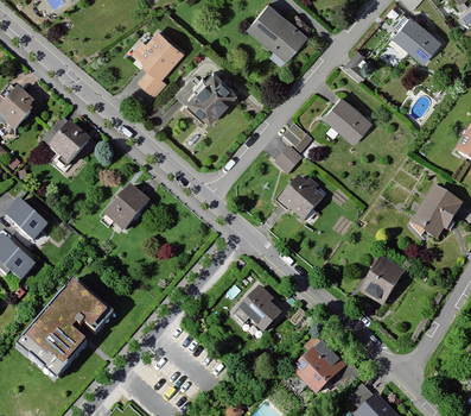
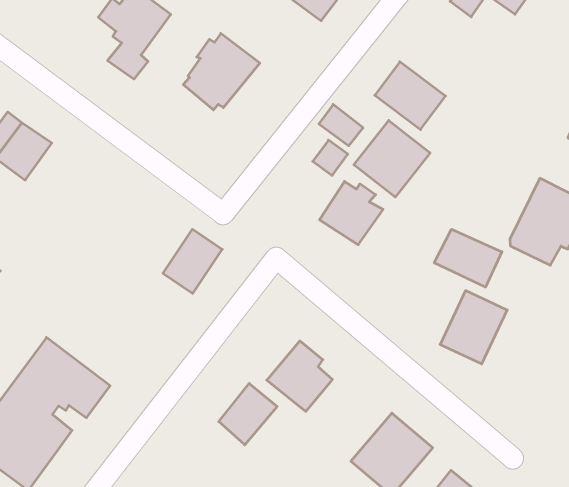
building: none -> [354,120,430,197]
building: [108,187,151,232] -> [163,229,222,293]
building: none -> [434,229,502,287]
building: none -> [219,383,277,445]

